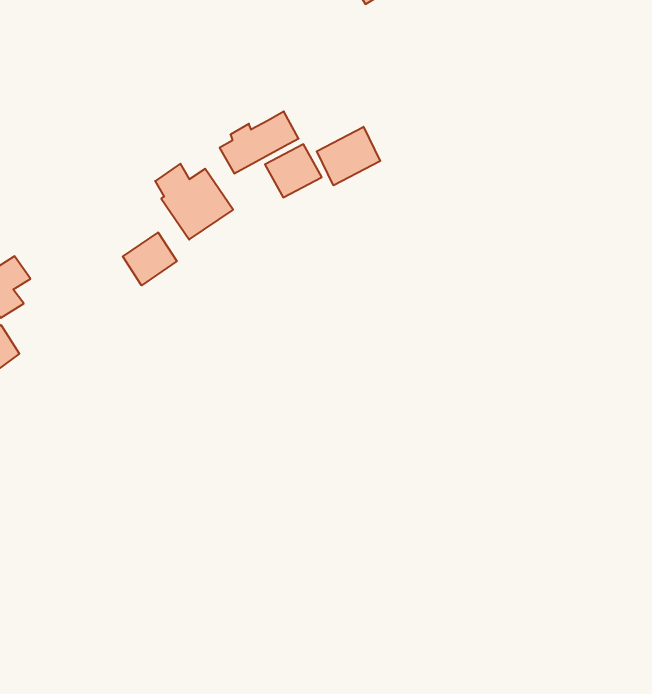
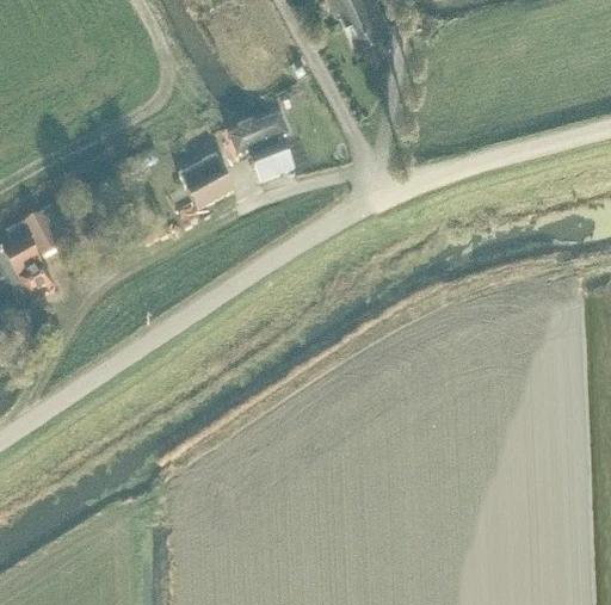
building: [317,127,380,185] -> none
building: [123,232,177,285] -> none

